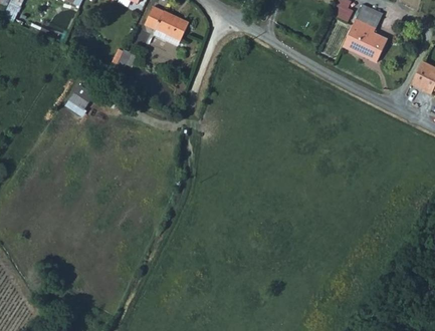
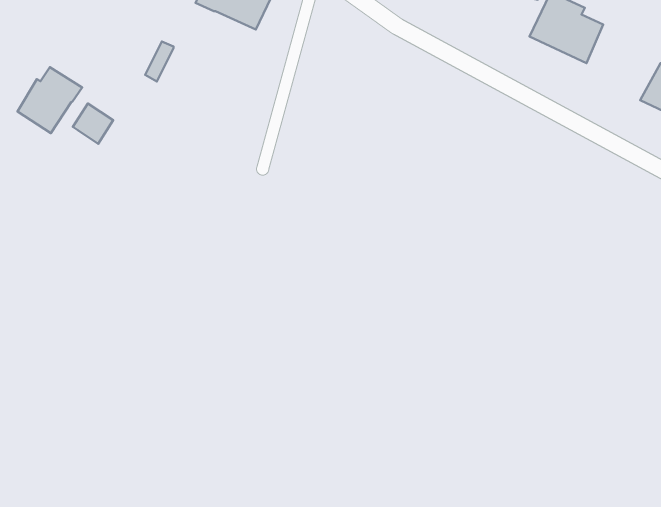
building: none -> [17,67,82,133]

